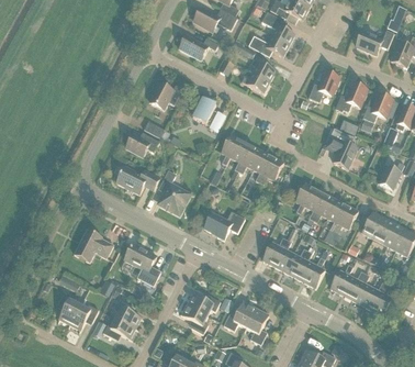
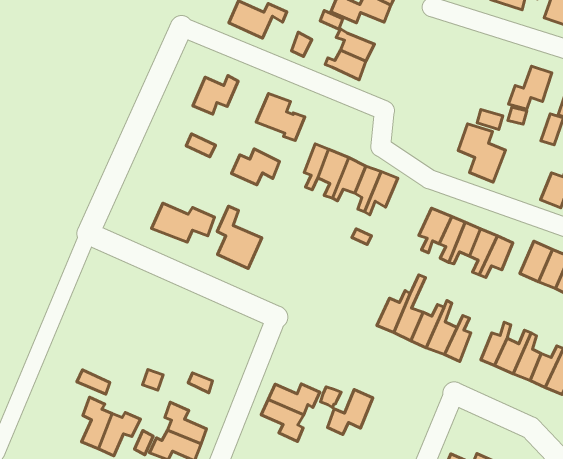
building: [309,70,339,101] -> none
building: [335,82,367,110] -> none
building: [126,131,159,155] -> [231,149,280,185]
building: [204,210,245,238] -> none
building: [75,229,113,260] -> none
building: [125,242,160,285] -> none
building: [246,307,269,343] -> none

